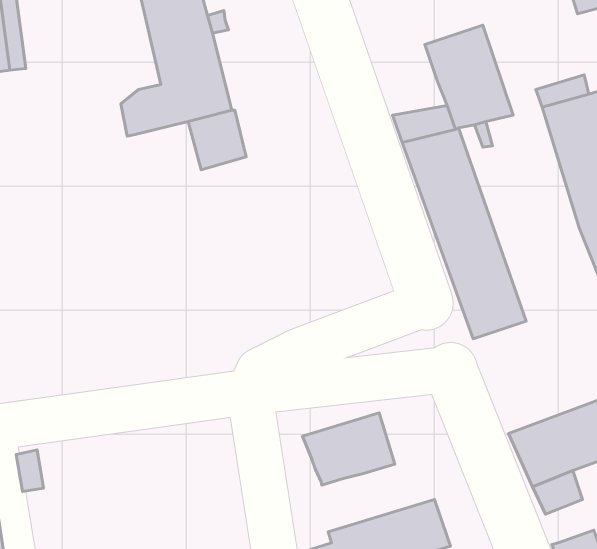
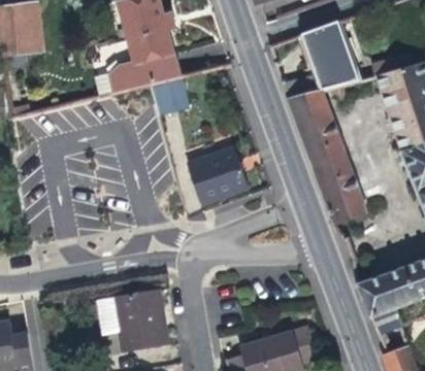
building: none -> [186,146,248,203]
building: [303,413,395,485] -> none
building: none -> [111,289,166,352]

